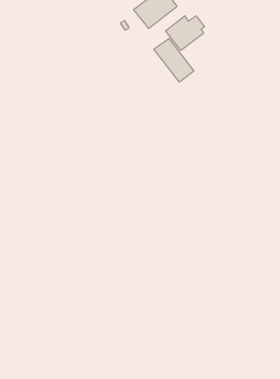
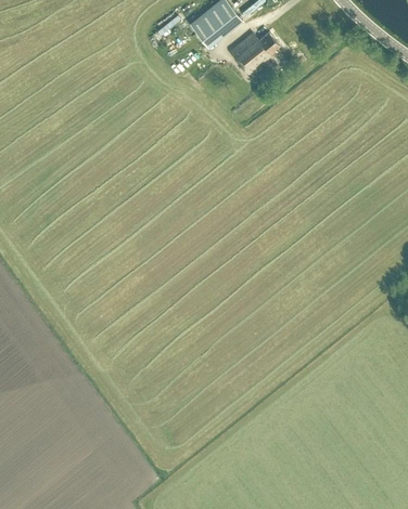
building: [154,38,194,82] -> none

